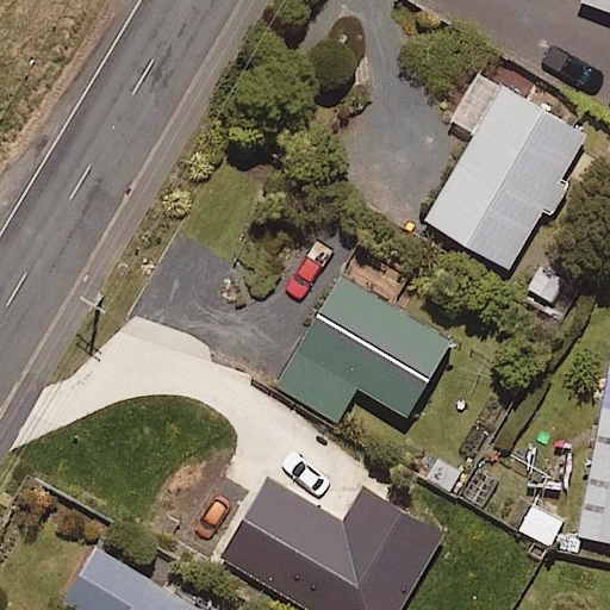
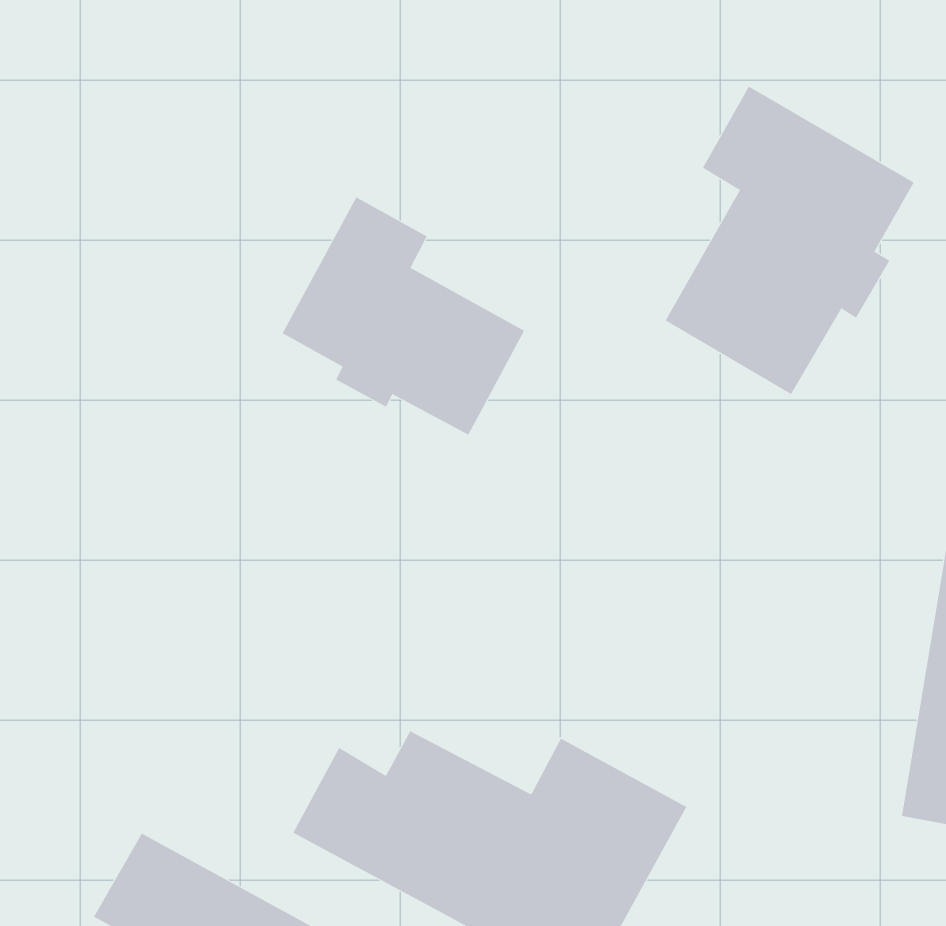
building: none -> [282,196,525,436]
building: [270,272,448,423] -> none

